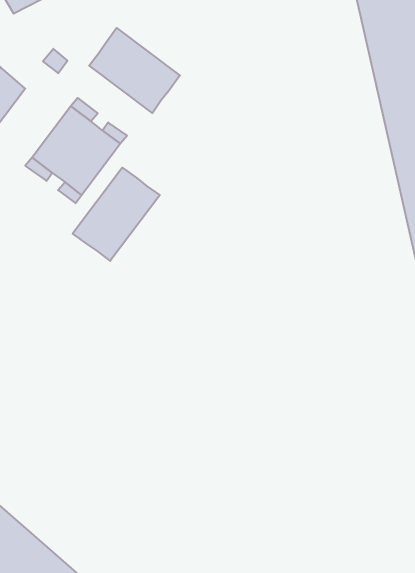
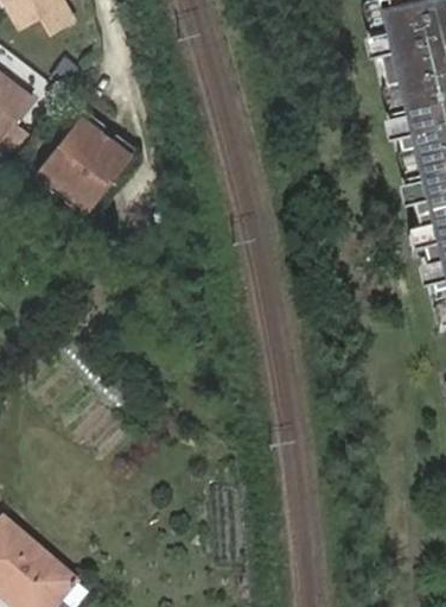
building: [89,28,180,113] -> none
building: [73,168,160,261] -> none

